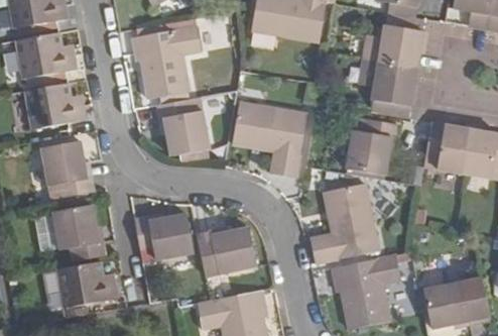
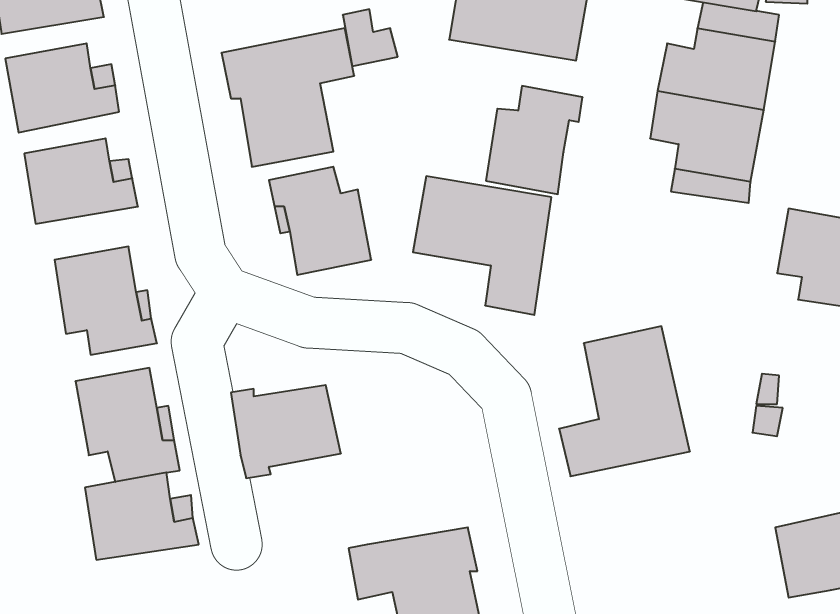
building: [346,118,397,176] -> [486,86,583,194]
building: [197,228,256,272] -> none
building: [332,254,400,328] -> none

